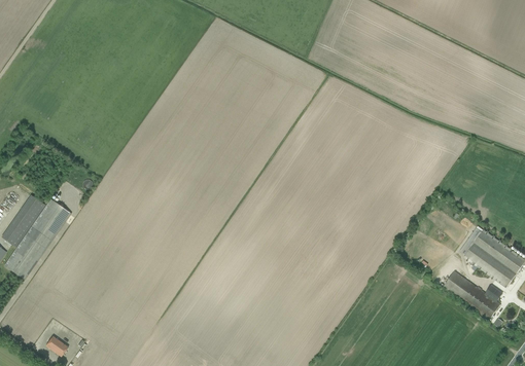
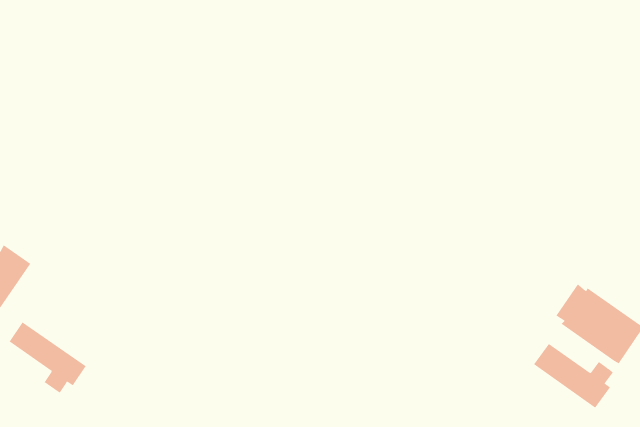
building: none -> [9,322,87,393]

